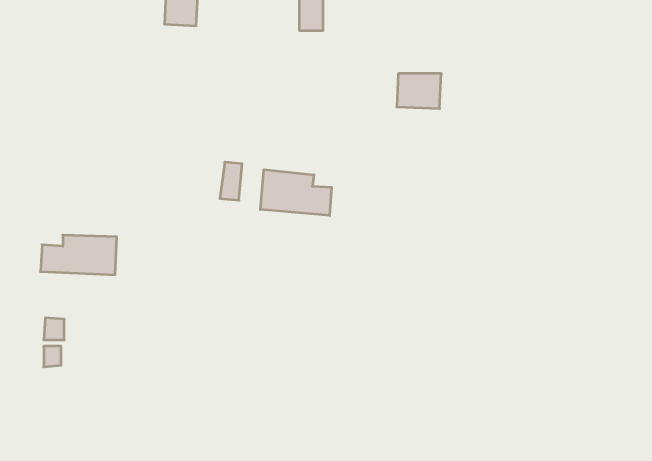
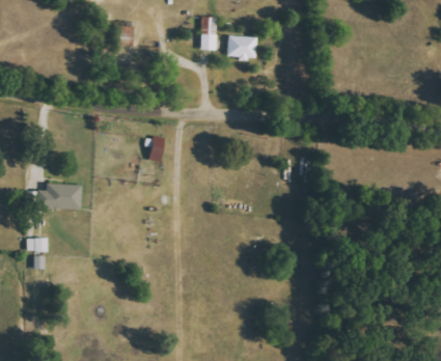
building: [397,74,441,109] -> [226,36,255,59]
building: [260,170,332,216] -> none

